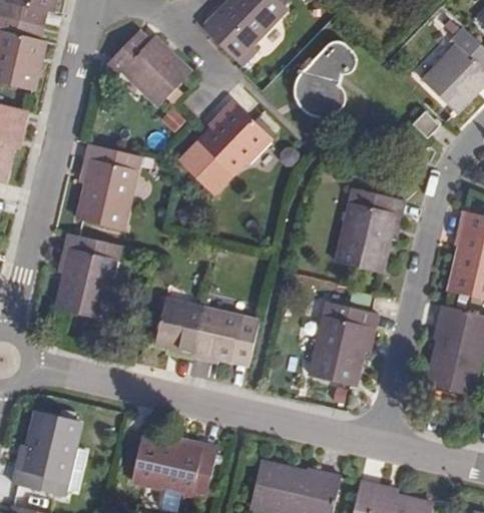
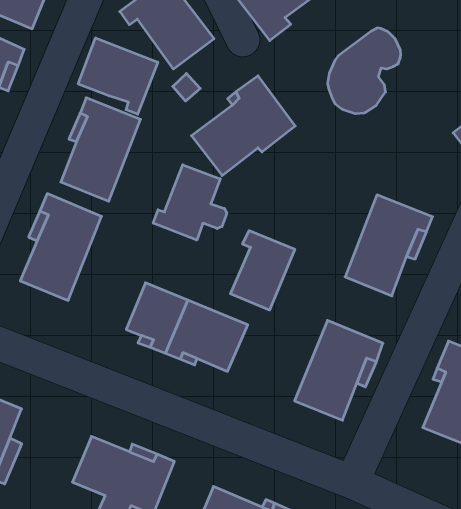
building: none -> [78,38,158,114]
building: none -> [153,165,227,240]
building: none -> [230,231,295,310]

